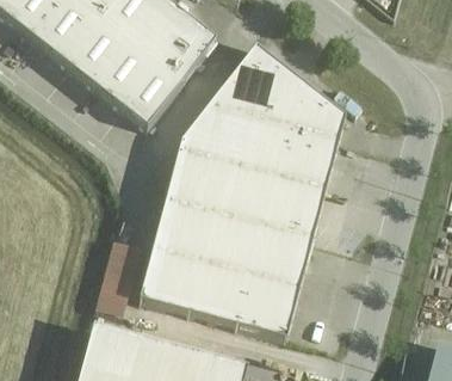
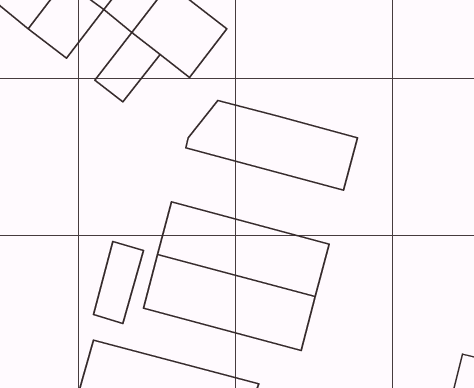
building: [68,17,129,82] -> none
building: [209,42,346,136] -> none
building: [120,59,182,124] -> none
building: [166,146,326,235] -> none

